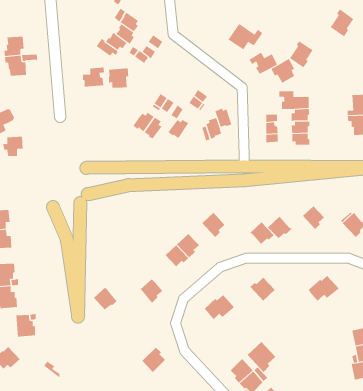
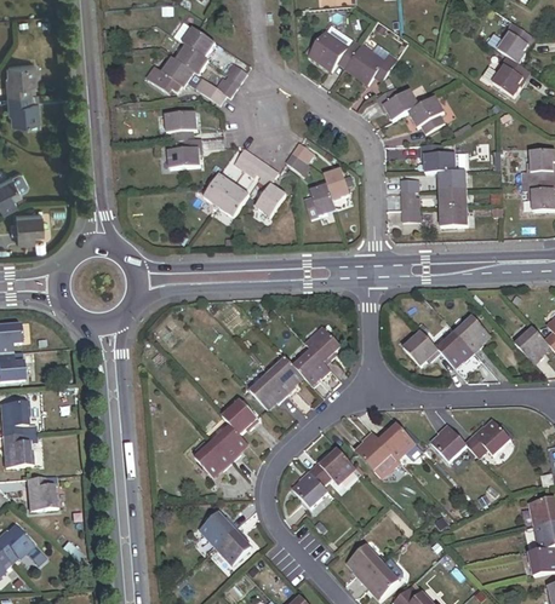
building: none -> [308,24,360,70]
building: [289,40,314,68] -> [491,56,527,97]
building: [82,67,105,87] -> [167,138,201,168]
building: [249,221,275,245] -> [436,330,474,366]
building: none -> [292,347,330,382]
building: none -> [222,398,258,432]
building: none -> [430,422,465,460]
building: none -> [355,430,390,468]
building: [93,287,118,310] -> [194,439,230,474]
building: none -> [291,468,327,507]
building: none -> [198,511,236,546]
building: [247,341,276,373] -> none

